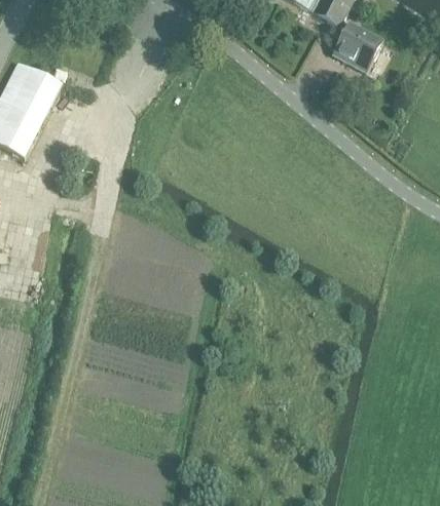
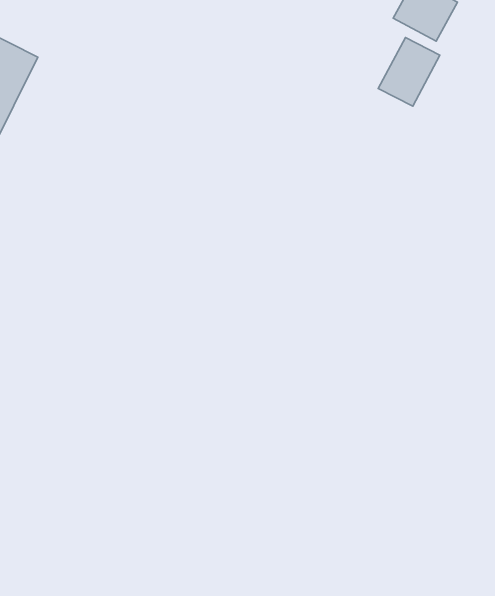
building: none -> [378,38,440,106]

